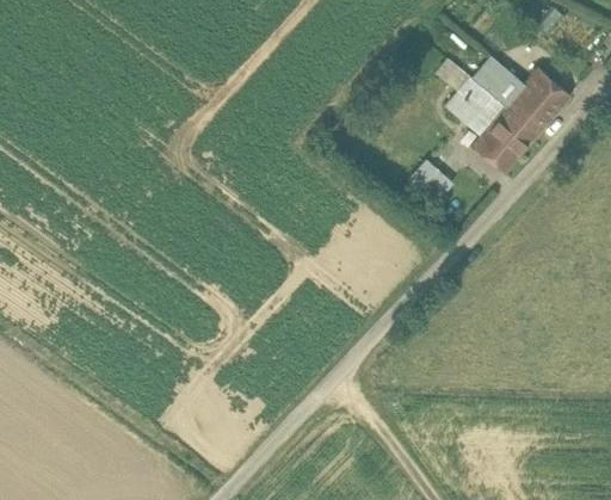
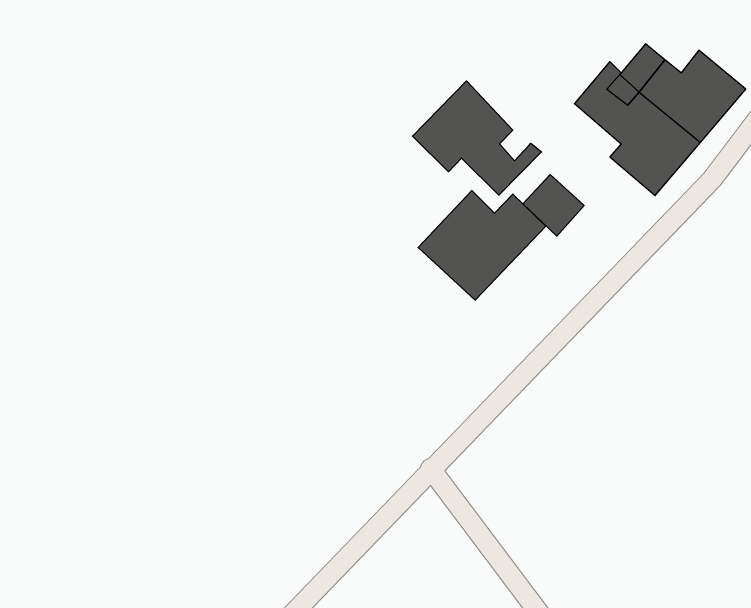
building: none -> [412,81,542,195]
building: none -> [418,191,546,300]

